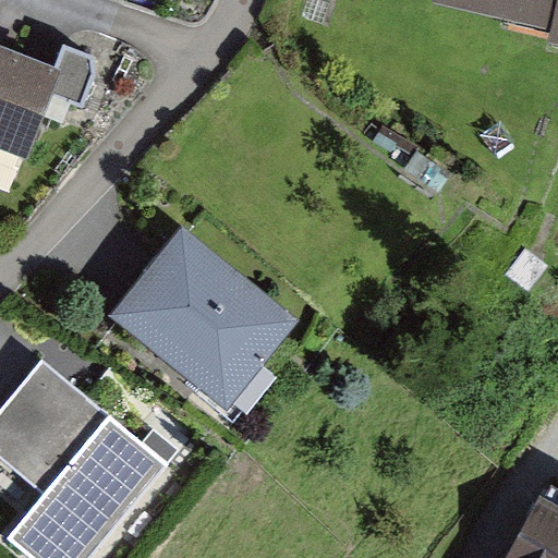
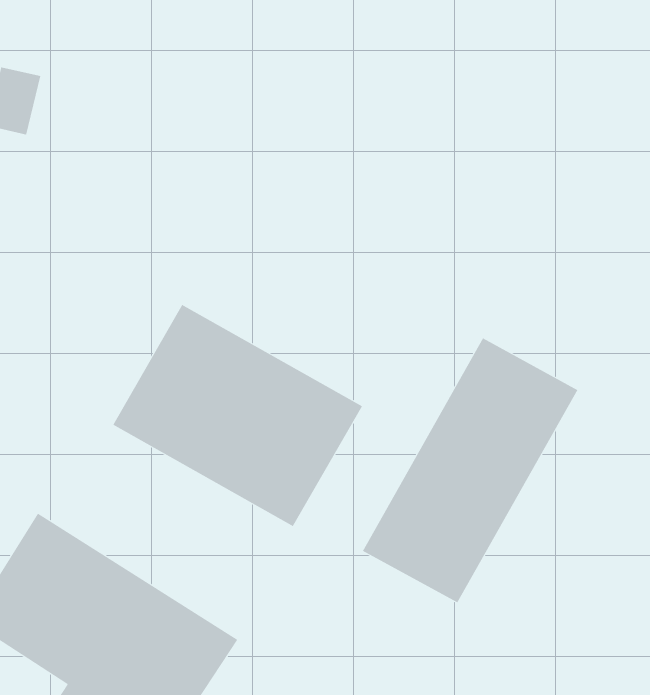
building: none -> [362,338,578,603]

